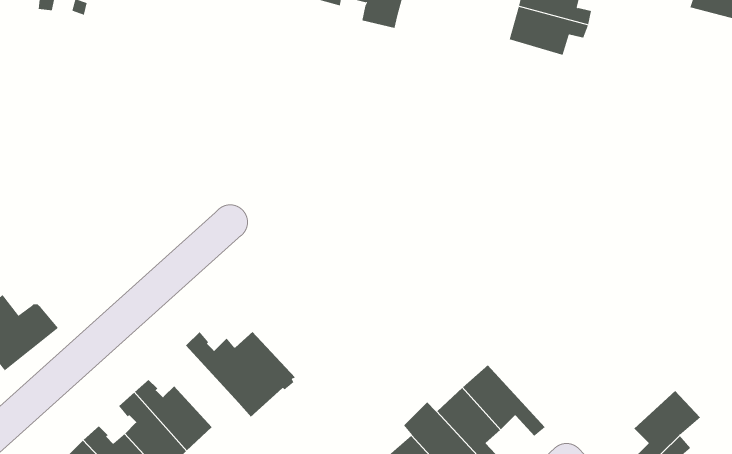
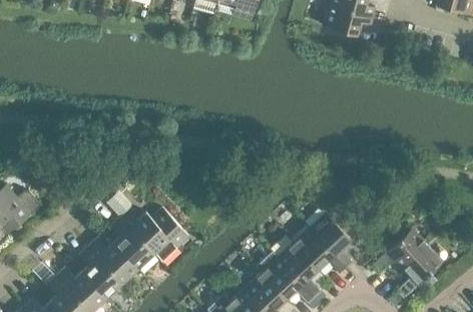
building: none -> [311,203,354,268]
building: none -> [111,217,154,268]
building: none -> [374,229,428,273]

